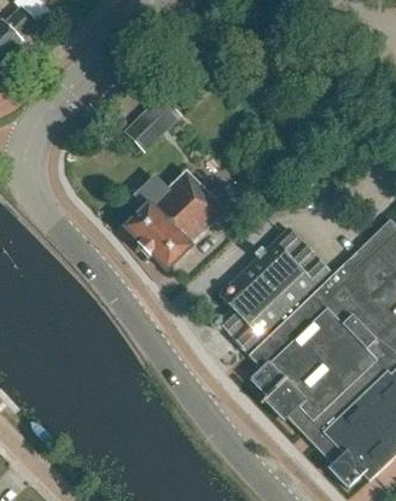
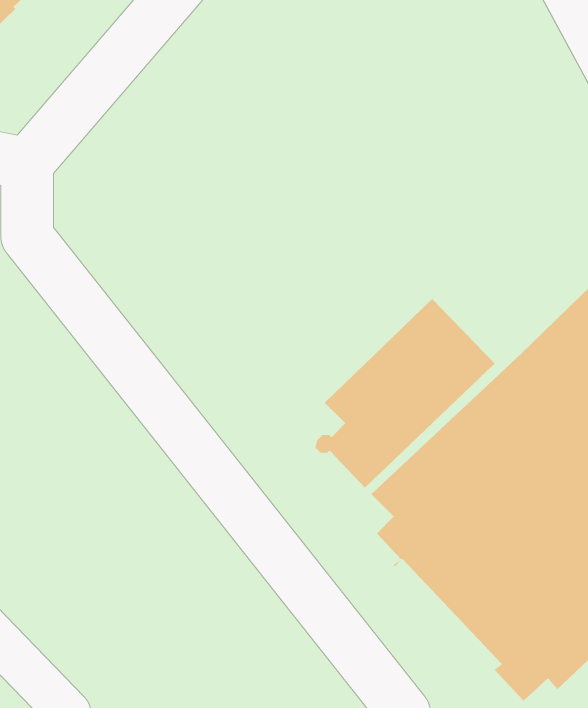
building: [123,97,180,152] -> none
building: [118,174,226,272] -> none

